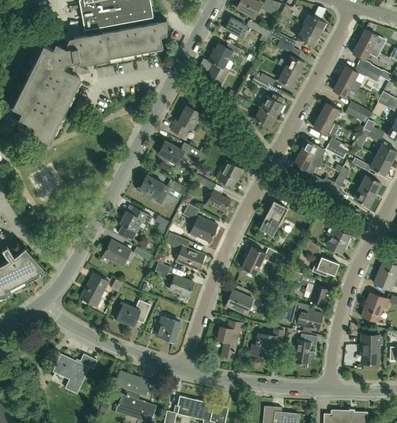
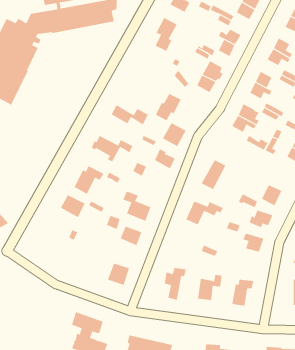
building: [171,106,200,137] -> [155,93,181,121]
building: [190,216,217,240] -> none
building: [81,273,108,306] -> none
building: [226,290,253,314] -> none
building: [115,300,150,326] -> none
building: [288,300,322,329] -> none
building: [55,353,92,393] -> none

